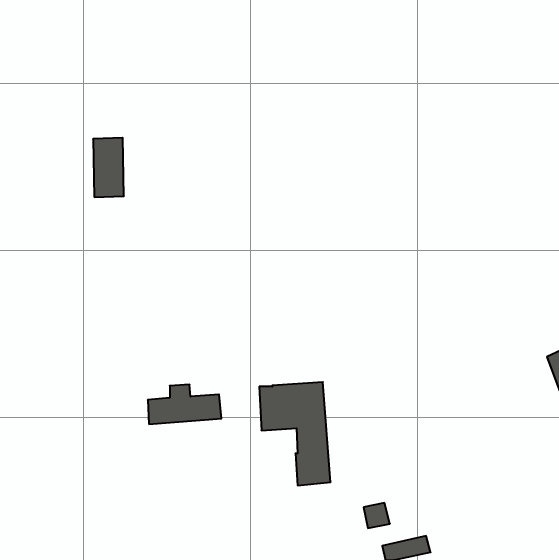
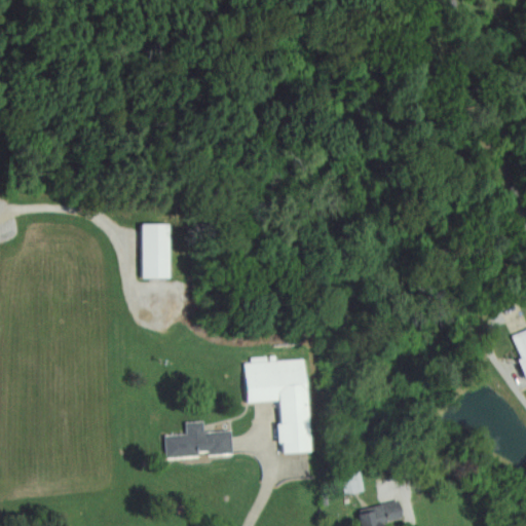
building: [93,138,124,197] -> [141,223,170,278]
building: [148,385,221,424] -> [166,420,235,457]

